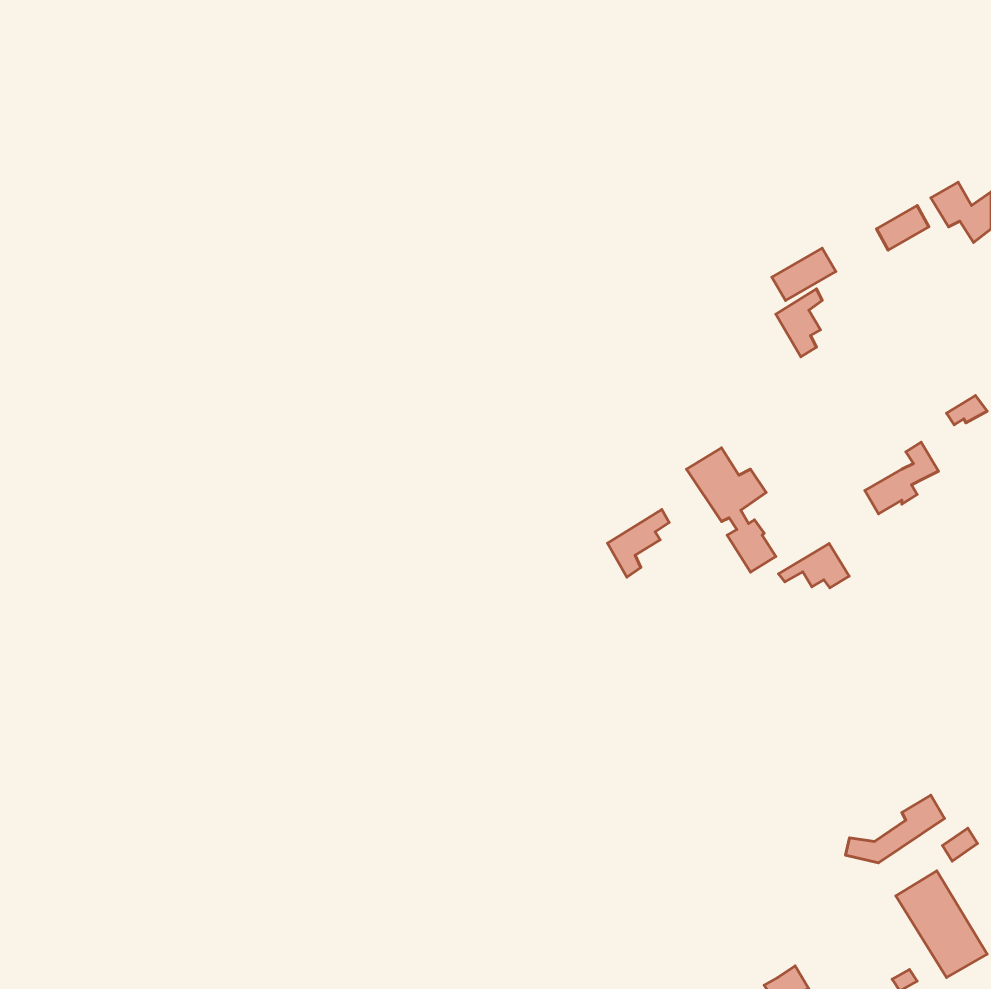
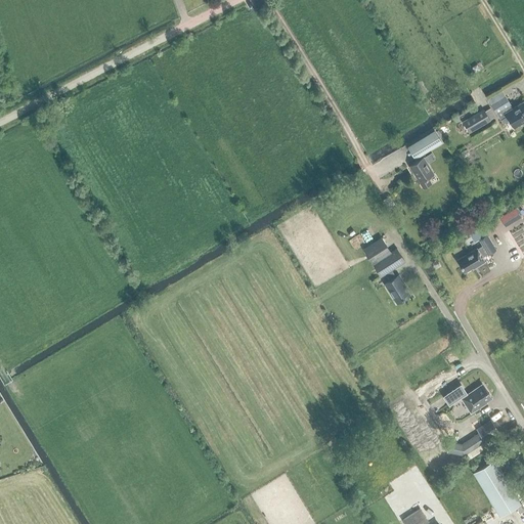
building: [607,509,669,577] -> none
building: [778,543,849,588] -> none
building: none -> [443,384,489,409]

